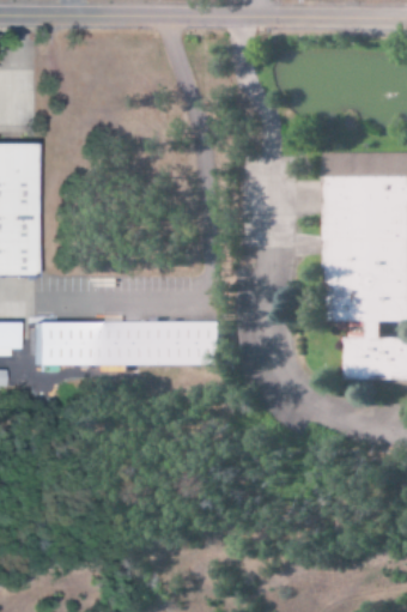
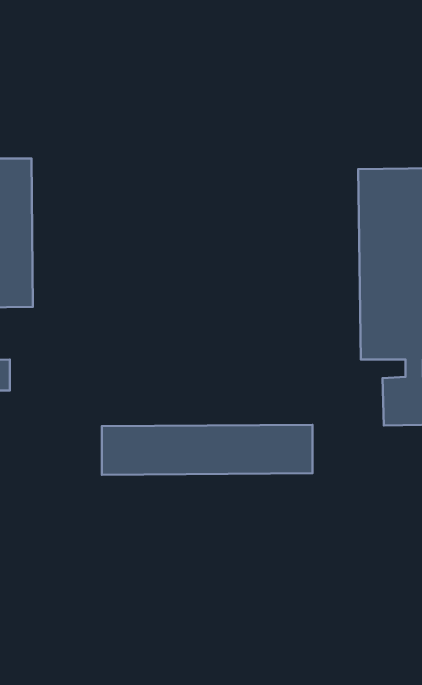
building: [37,322,224,366] -> [102,425,312,475]

